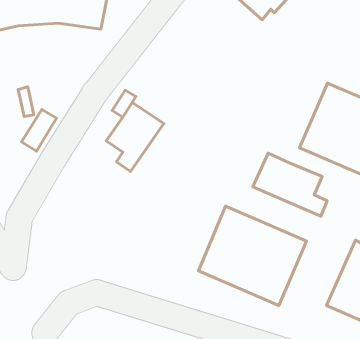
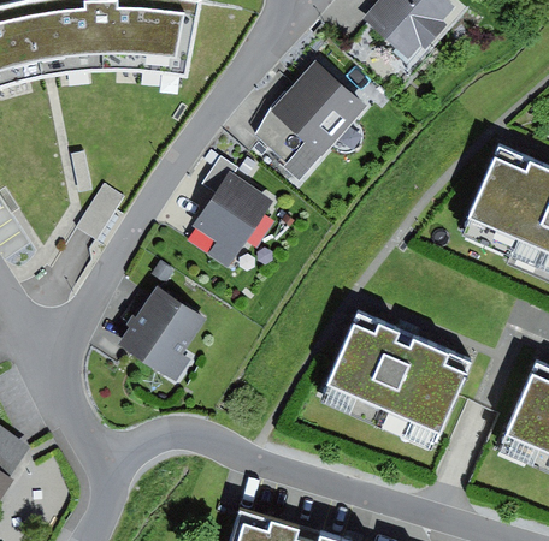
building: none -> [255,60,366,179]
building: [253,153,327,216] -> none
building: none -> [117,284,206,381]

